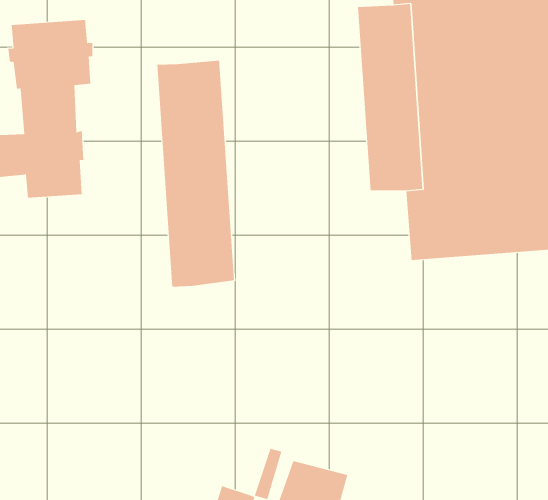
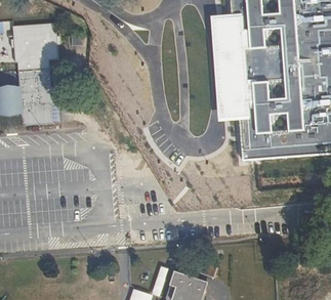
building: [157,60,234,287] -> none

